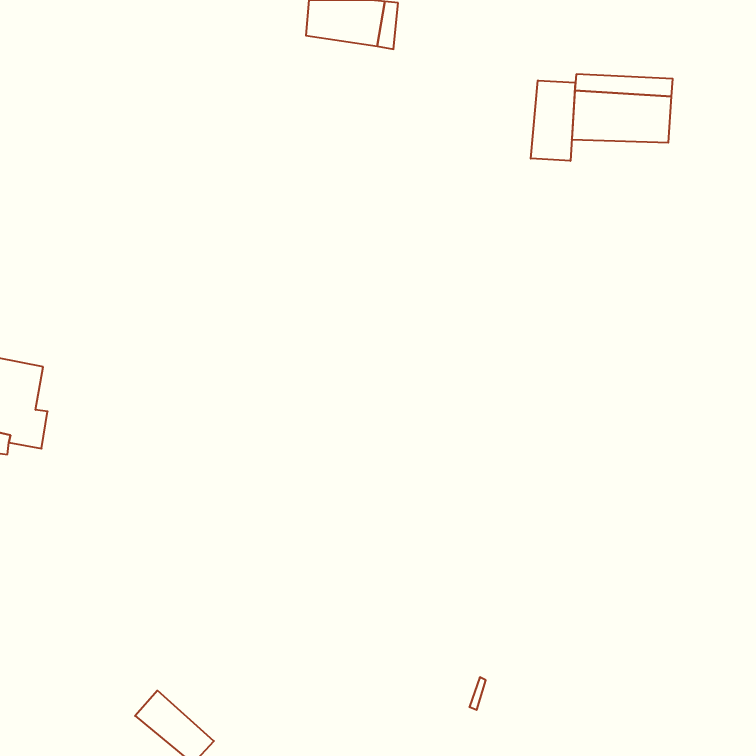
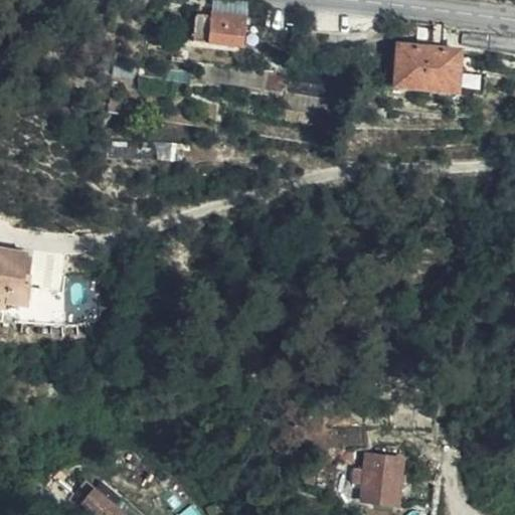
building: [531,80,575,161] -> none
building: none -> [353,454,402,506]

